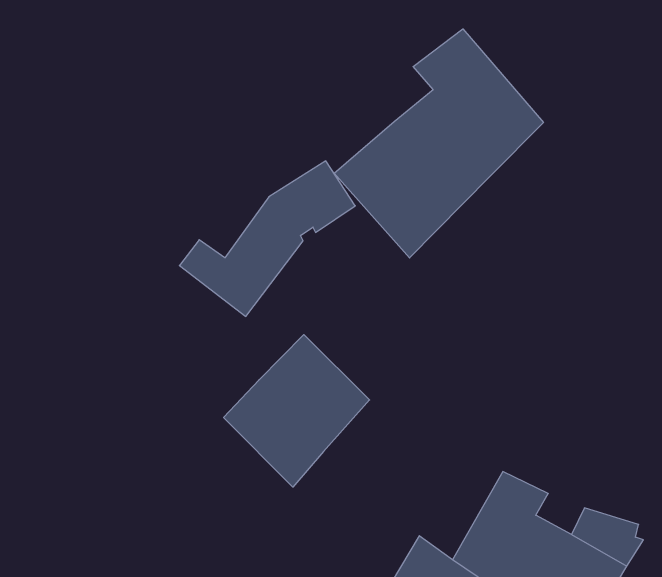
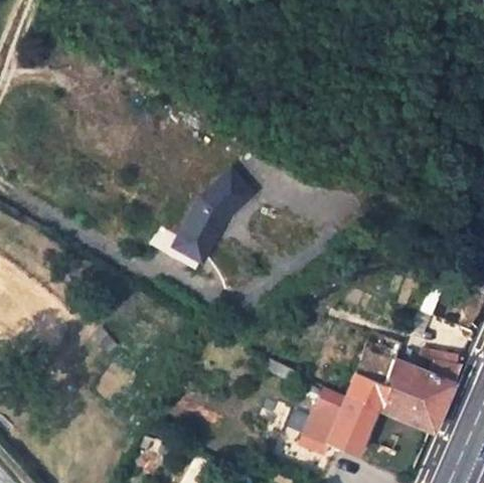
building: [334,29,543,258] -> none
building: [224,335,370,487] -> none

